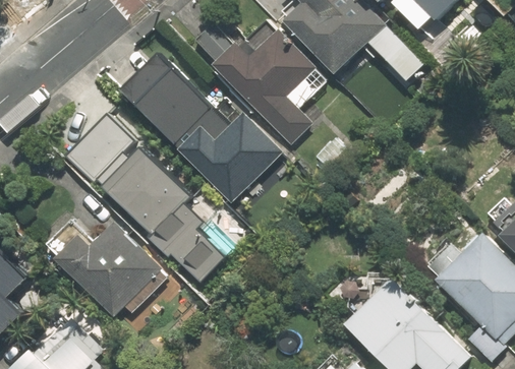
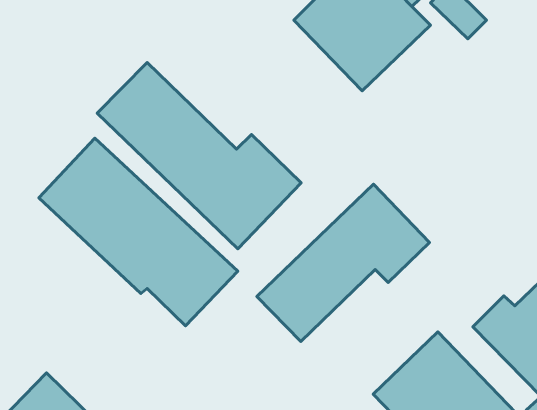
building: [195,19,328,148] -> none
building: none -> [257,184,429,342]
building: [41,214,174,317] -> none

